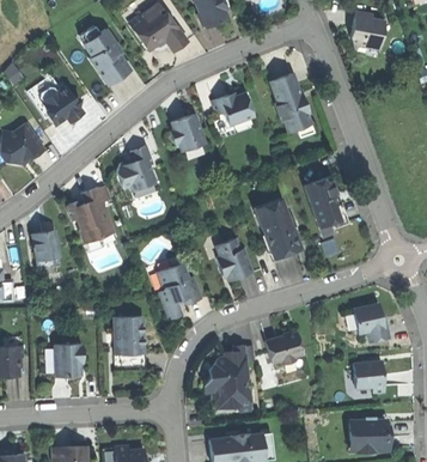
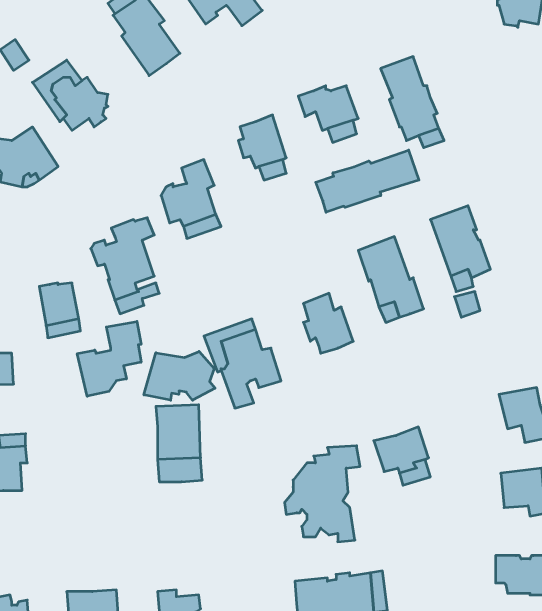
building: none -> [316,150,419,212]
building: none -> [77,321,141,396]
building: none -> [144,351,215,400]
building: [54,344,81,377] -> none

